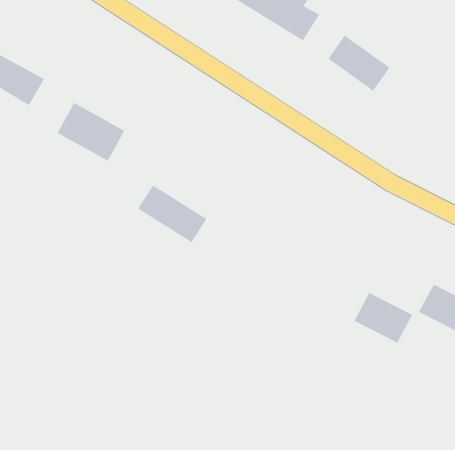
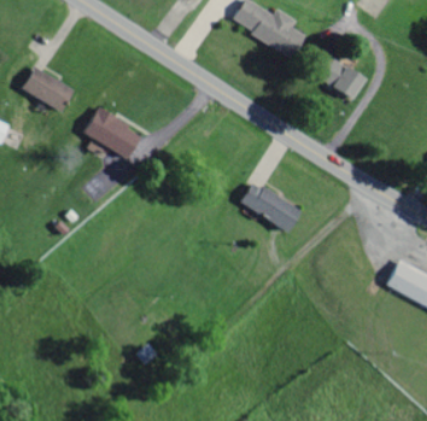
building: [137,184,207,243] -> [240,181,299,230]
building: [353,292,413,344] -> none

